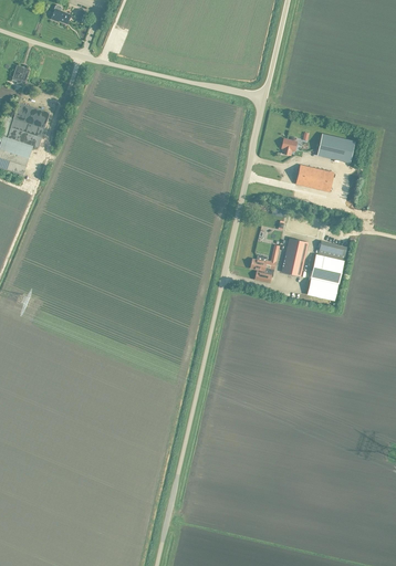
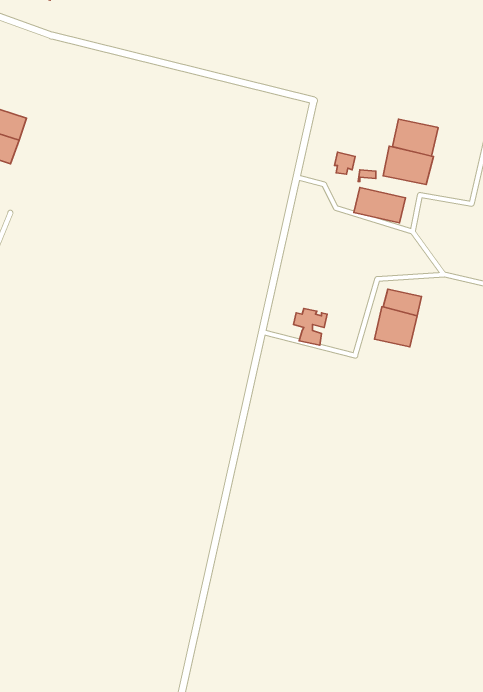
building: none -> [393,119,438,156]
building: [281,238,308,276] -> none
building: [306,279,338,301] -> none

